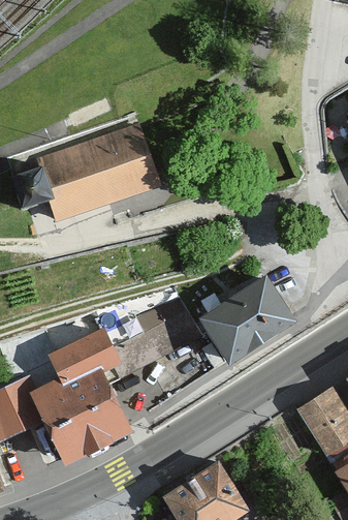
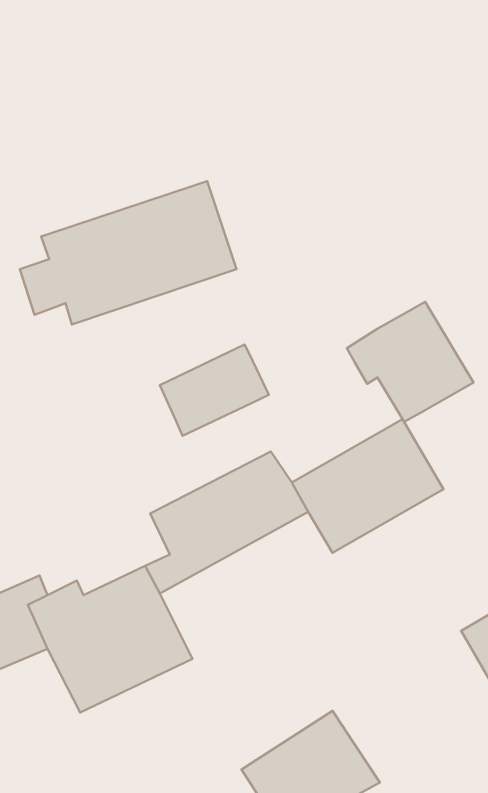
building: none -> [347,302,473,422]
building: [46,330,116,388] -> [160,344,269,436]

